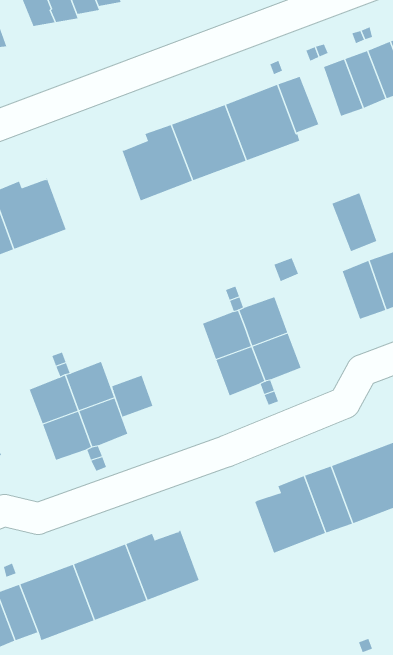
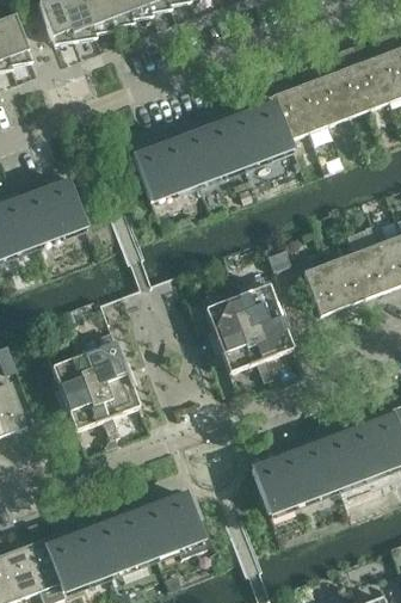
building: none -> [294,80,329,131]
building: [332,193,377,252] -> [306,261,346,314]
building: [112,375,153,418] -> none

